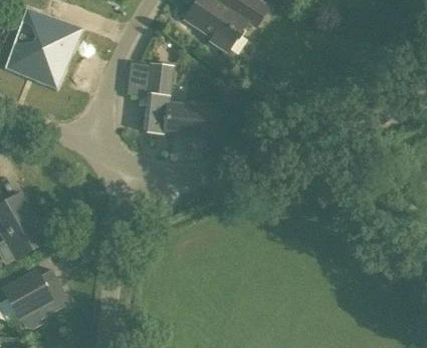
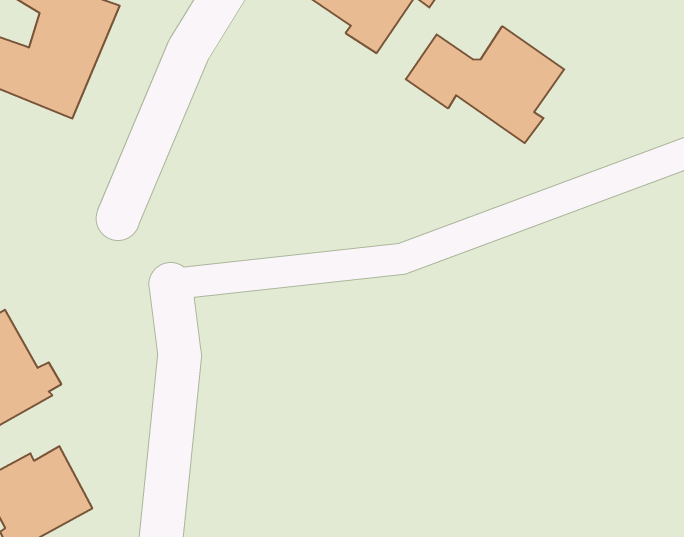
building: none -> [406,26,564,143]
building: [132,61,202,138] -> none

